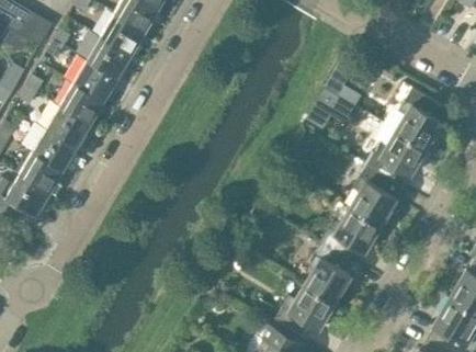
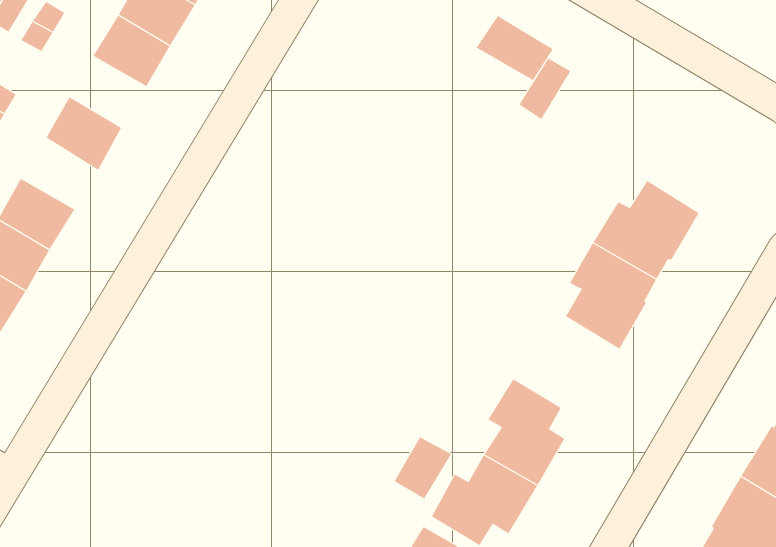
building: none -> [476,15,553,81]
building: [71,60,115,101] -> none
building: [397,100,443,149] -> none
building: [44,106,88,147] -> none
building: [321,207,382,259] -> none
building: none -> [394,437,452,500]

